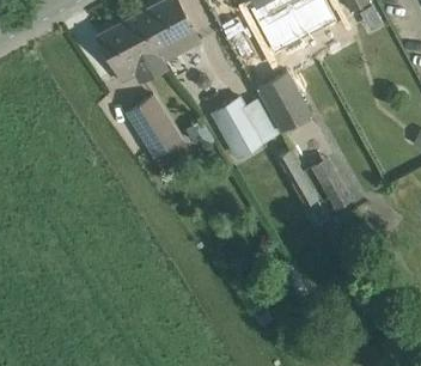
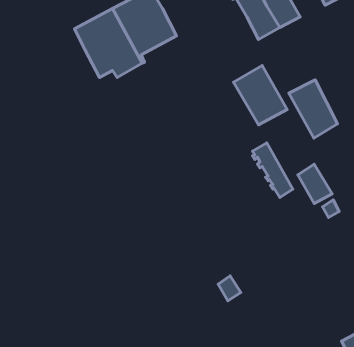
building: [126,96,179,155] -> none
building: [213,99,262,158] -> [289,80,338,138]

